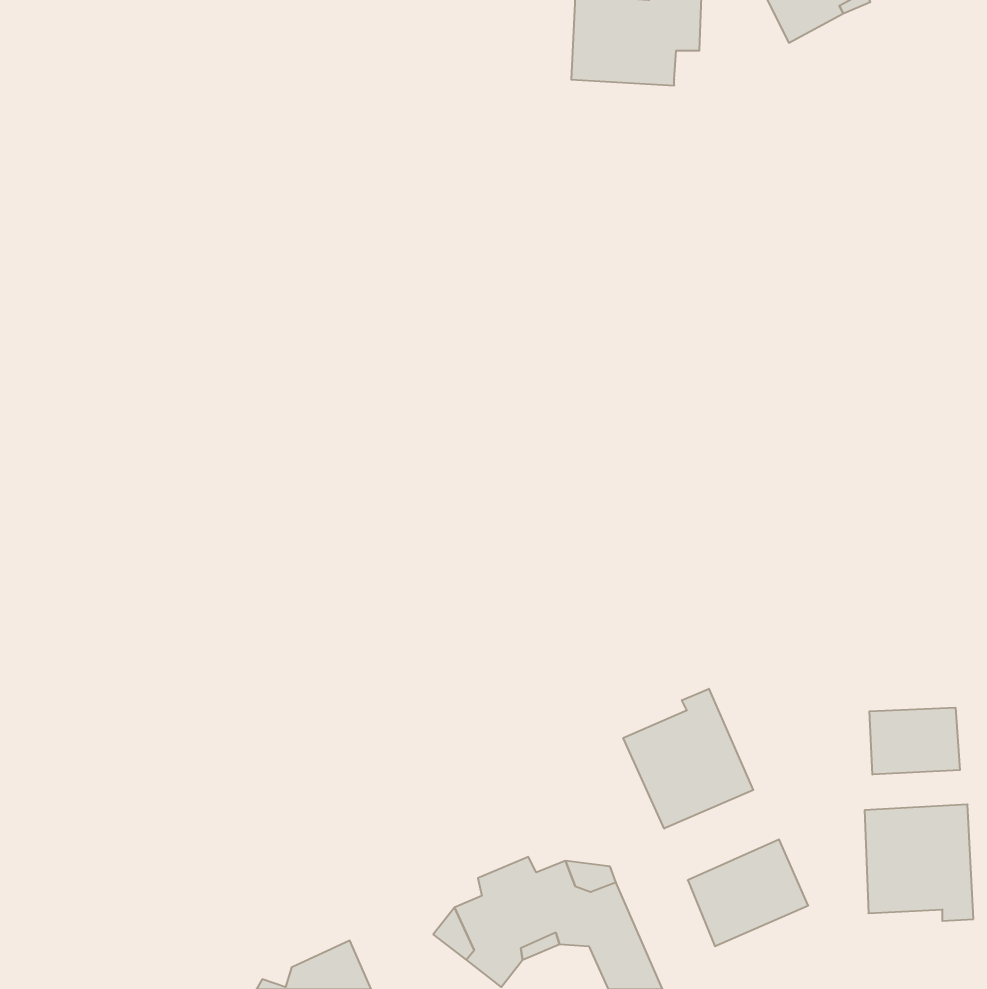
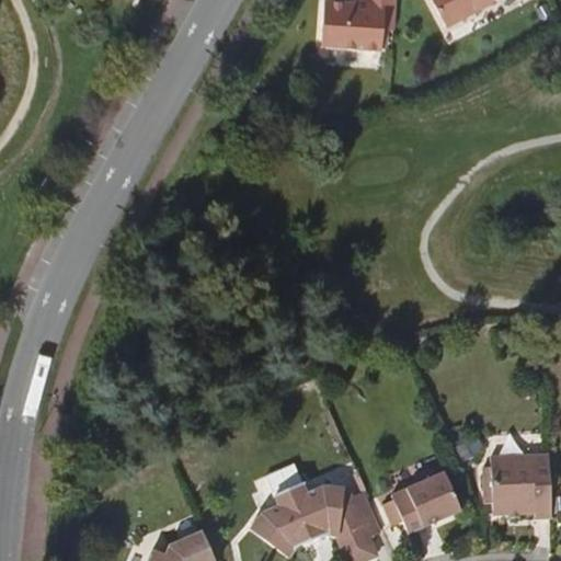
building: [623,689,753,829] -> none
building: [869,708,960,775] -> none

